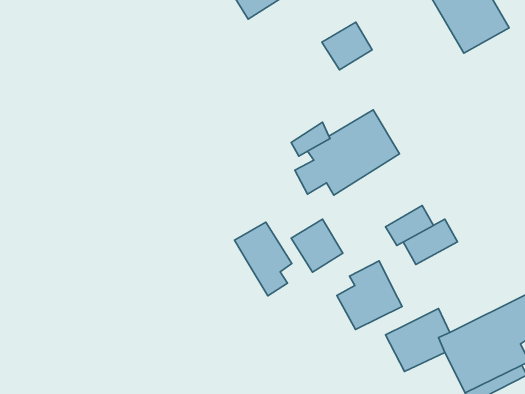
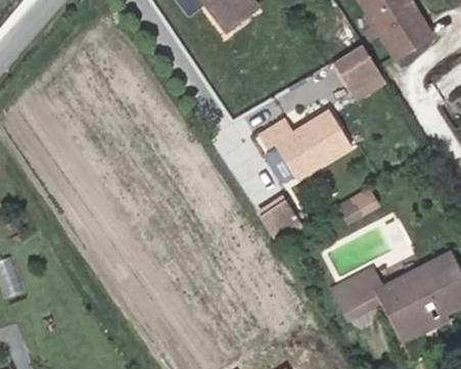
building: [322,22,372,70] -> [337,46,378,85]
building: [234,222,292,296] -> none
building: [337,261,402,329] -> none

